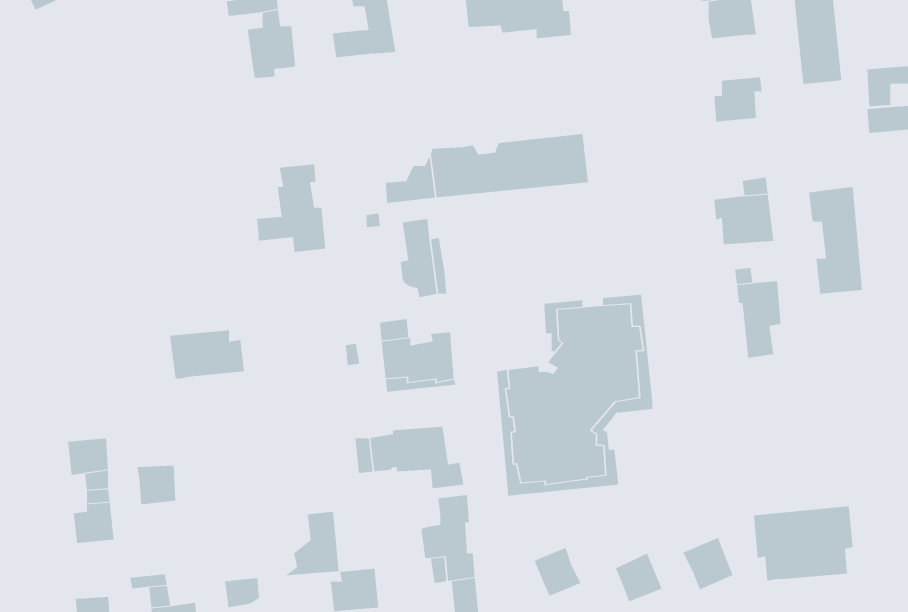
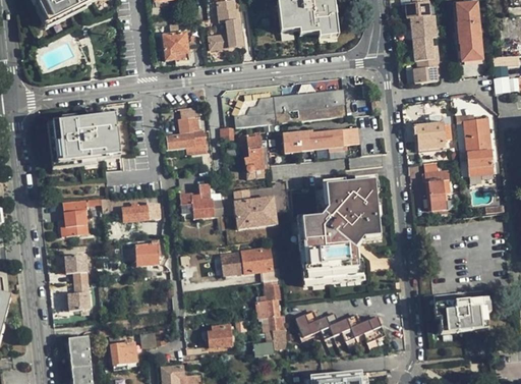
building: none -> [412,37,439,61]
building: none -> [48,116,119,168]
building: none -> [283,128,358,154]
building: none -> [180,183,214,219]
building: none -> [63,200,88,236]
building: [137,465,176,505] -> [136,244,158,266]
building: [284,511,339,576] -> none
building: [682,537,734,590] -> [337,314,364,342]
building: none -> [295,311,321,341]

